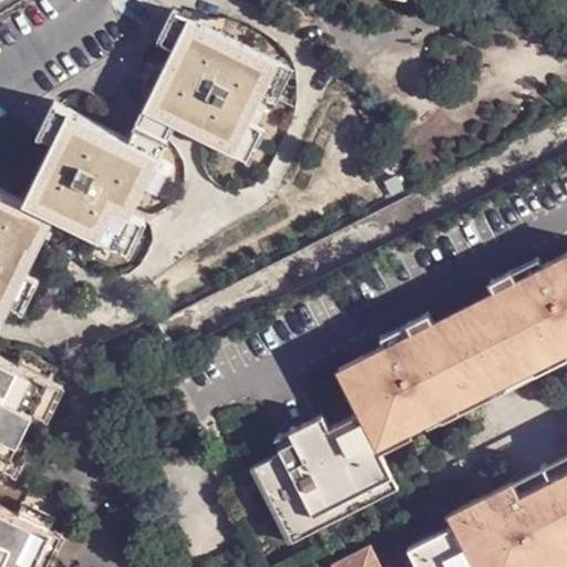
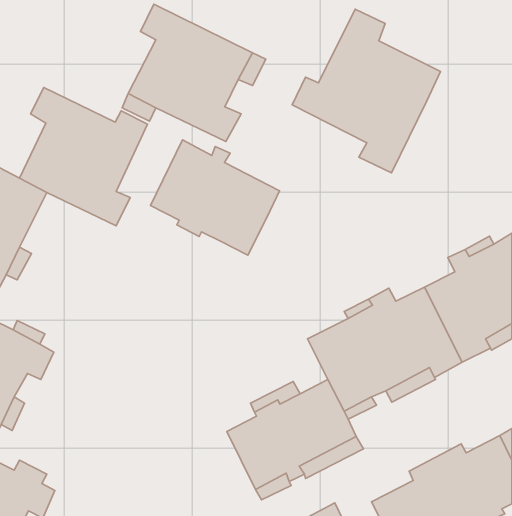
building: none -> [292,9,440,173]
building: none -> [151,140,279,255]

